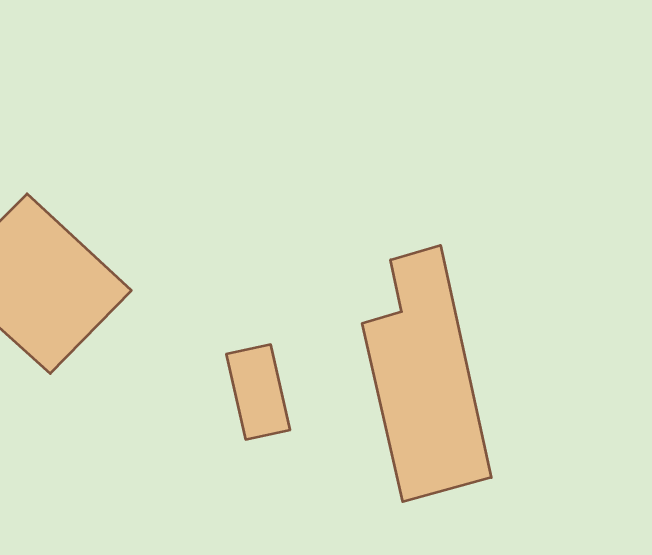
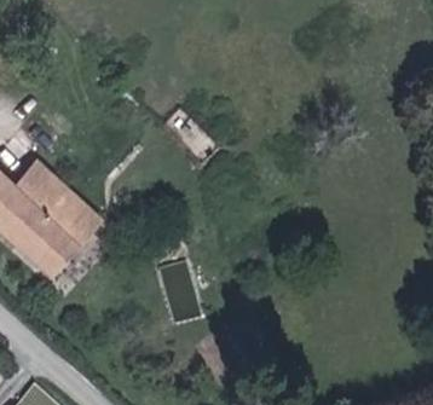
building: [362,245,491,502] -> none

